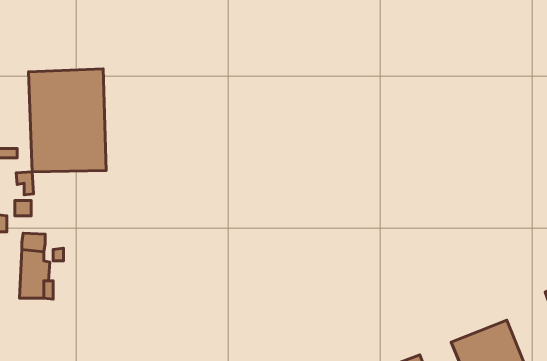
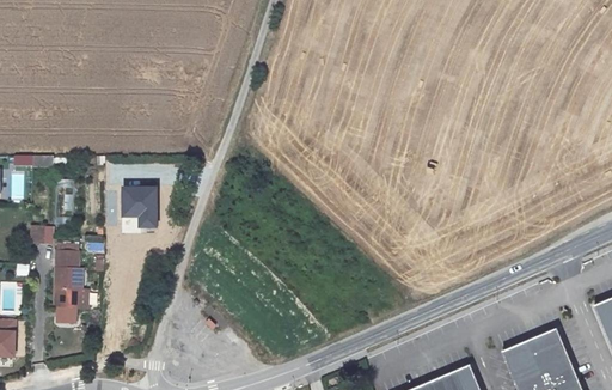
building: [29,69,106,172] -> none
building: none -> [120,185,155,226]

